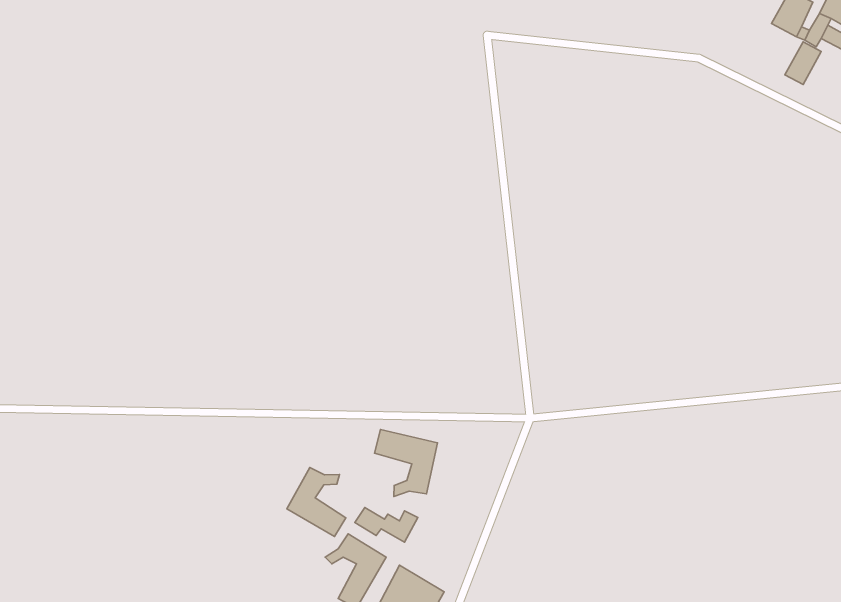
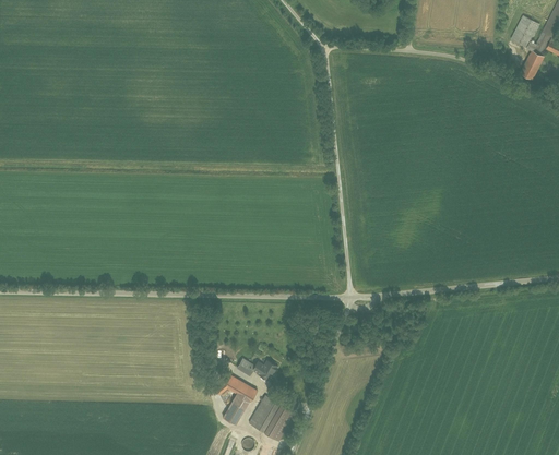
building: [375,430,438,496] -> none
building: [287,468,346,536] -> none

